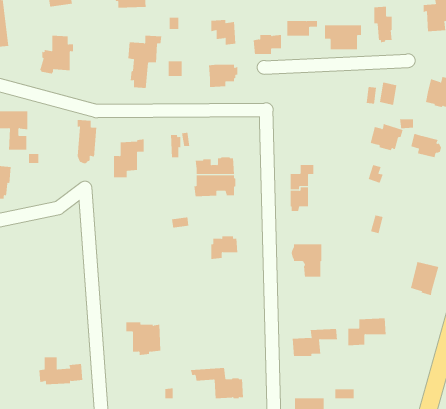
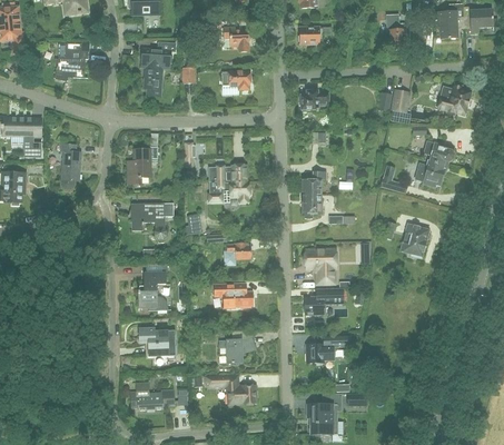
building: [325,25,362,50] -> none
building: [253,34,282,55] -> [299,89,328,109]
building: [77,119,97,164] -> [61,142,81,187]
building: [370,123,403,151] -> [414,158,447,186]
building: none -> [131,202,174,239]
building: [410,261,439,296] -> [401,222,429,257]
building: none -> [138,270,168,312]
building: none -> [214,280,253,307]
building: [347,318,386,346] -> [305,286,344,314]
building: none -> [219,330,254,362]
building: [38,357,83,385] -> [130,380,175,408]

